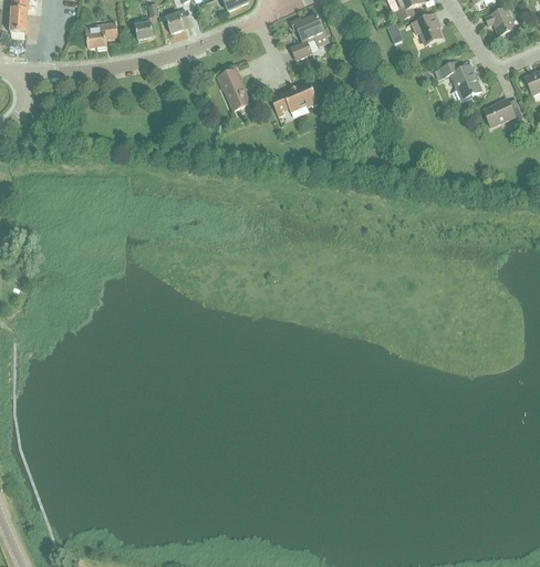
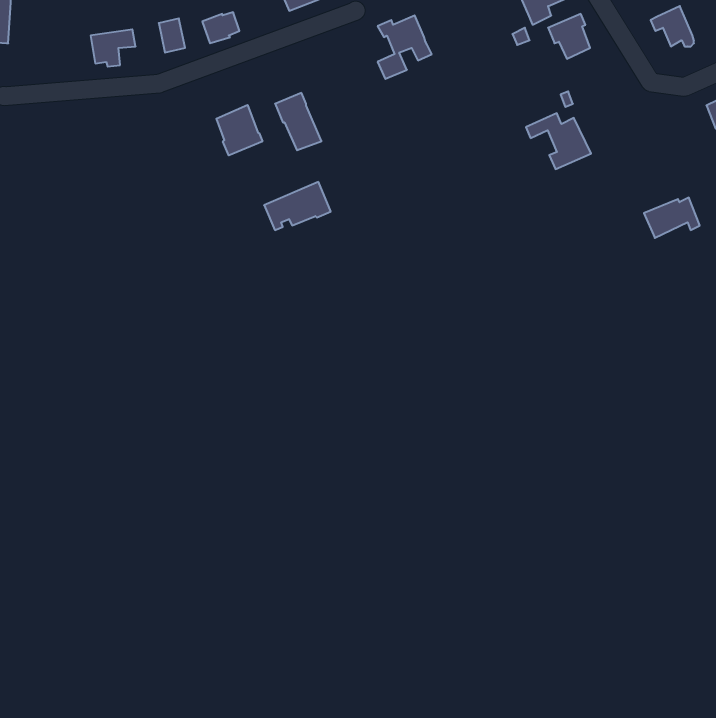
building: [435,61,481,101] -> [526,113,591,169]
building: none -> [216,105,262,155]
building: [270,81,318,115] -> [264,182,331,230]
building: [482,97,522,126] -> [644,198,700,238]

